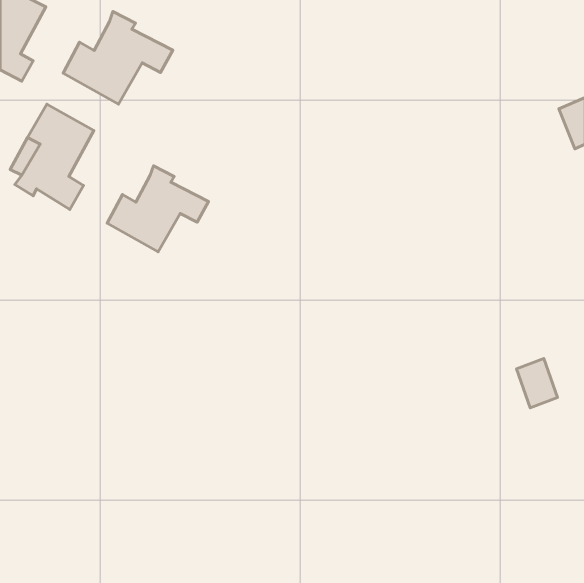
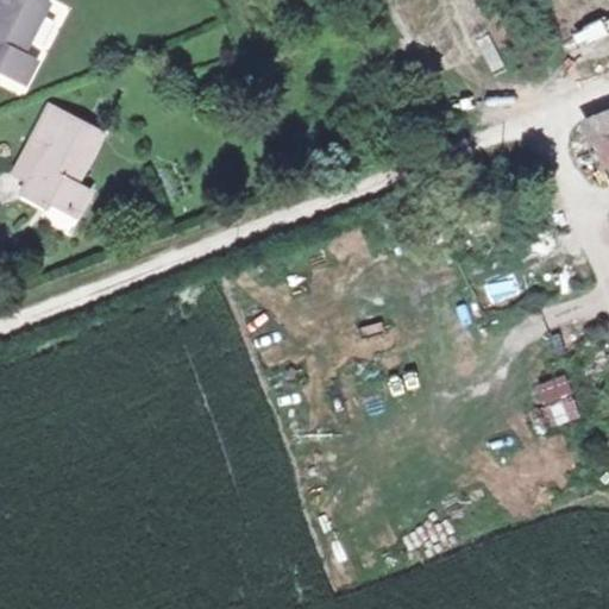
building: [63,12,173,104] -> none
building: [107,166,208,252] -> none

